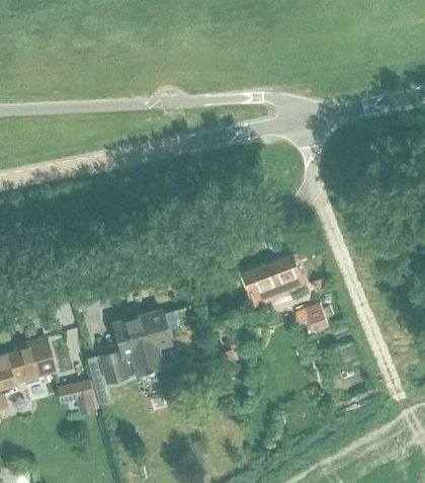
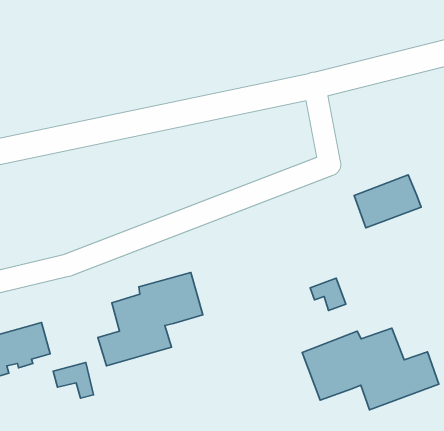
building: [242,255,305,305] -> [354,175,421,228]
building: none -> [302,328,439,410]

